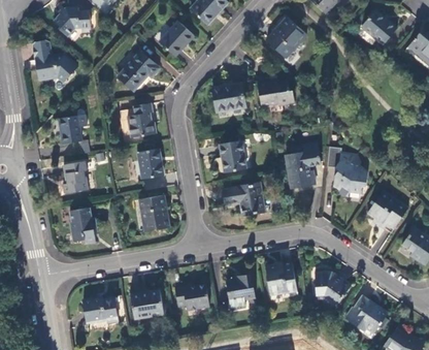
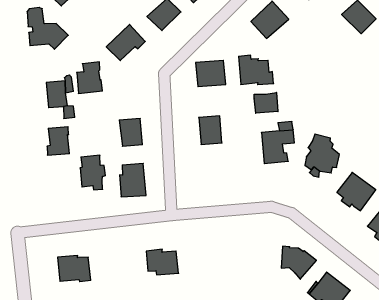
building: [127,104,155,138] -> [77,62,102,93]
building: none -> [254,92,278,113]
building: [221,184,262,216] -> none
building: [69,209,96,245] -> [80,155,105,190]
building: [264,263,296,295] -> none
building: [225,274,254,310] -> none
building: [130,290,163,319] -> none

